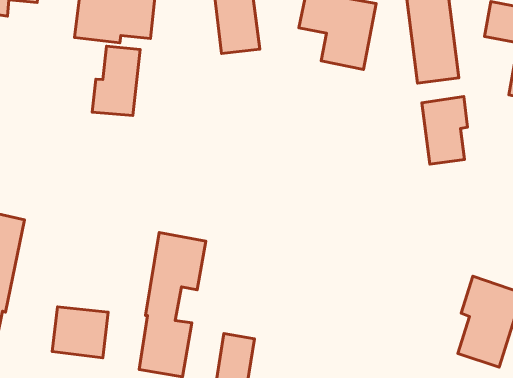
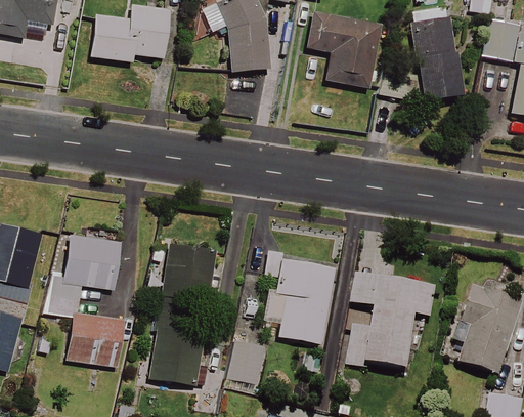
building: [92,46,140,116] -> none
building: [422,96,468,164] -> none
building: none -> [45,235,120,315]
building: none -> [266,257,334,341]
building: none -> [348,272,435,371]

